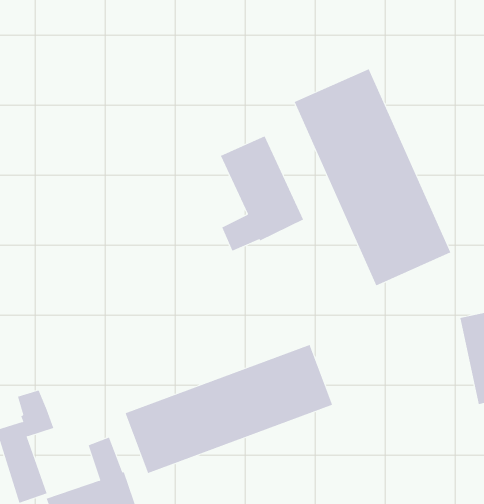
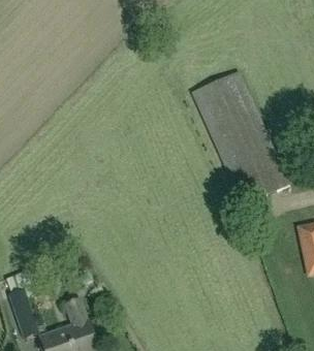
building: [220,135,304,252] -> none
building: [125,344,333,474] -> none

